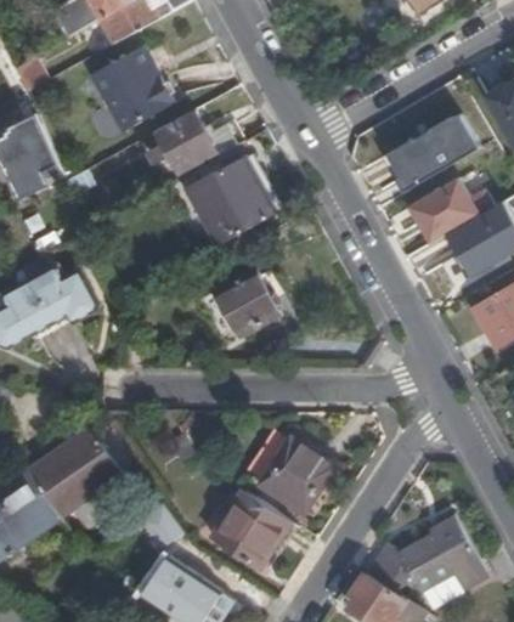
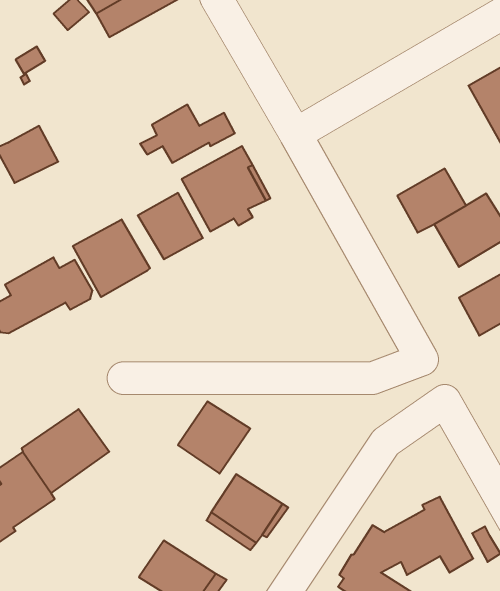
building: [89,46,173,131] -> none
building: [380,109,481,192] -> none
building: none -> [73,219,150,297]
building: [211,267,278,335] -> [138,193,203,259]
building: [261,437,335,511] -> [178,401,250,474]

